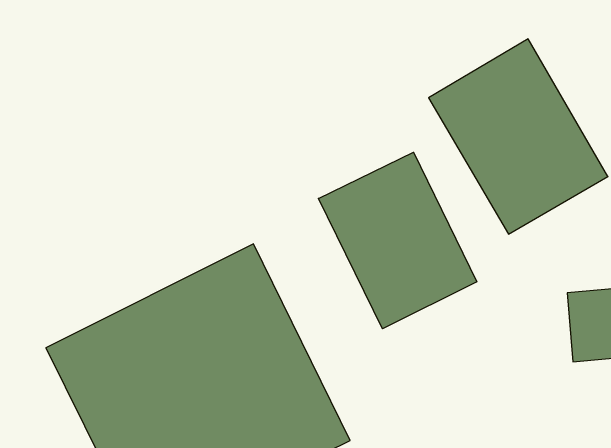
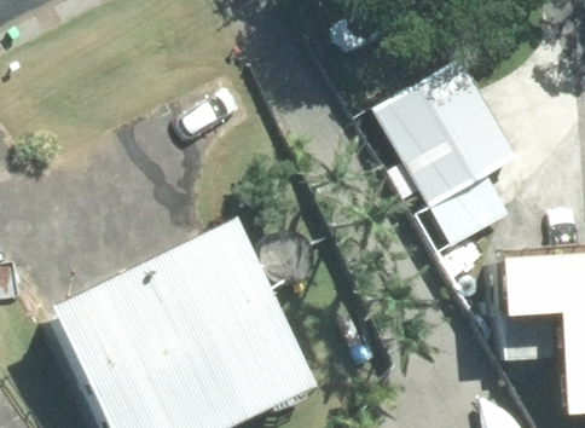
building: [318,152,477,329] -> none

